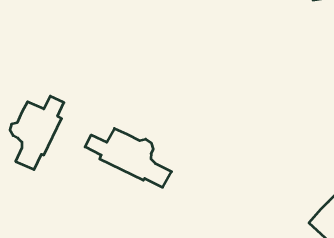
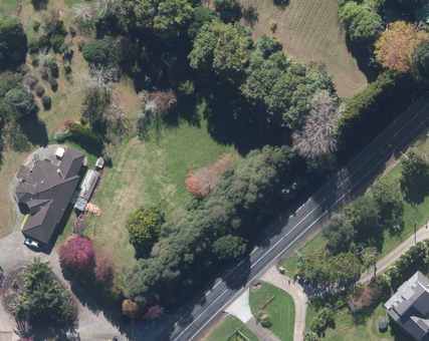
building: [85,128,172,187] -> none

